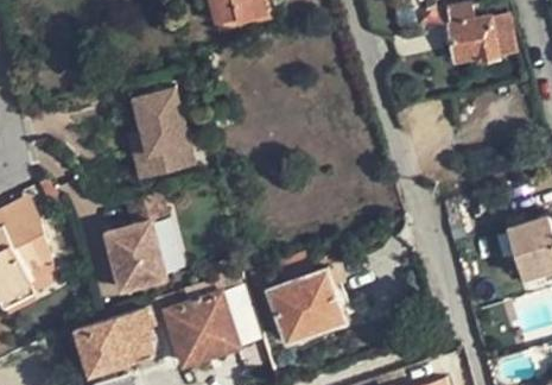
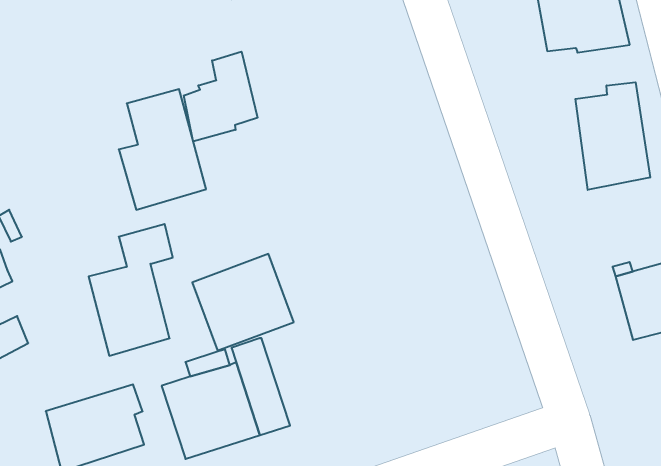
building: none -> [184,52,258,141]
building: none -> [575,82,650,190]
building: [273,267,349,340] -> [192,254,294,351]

